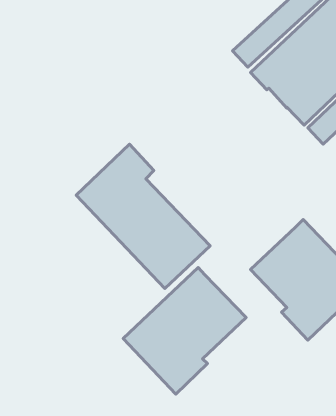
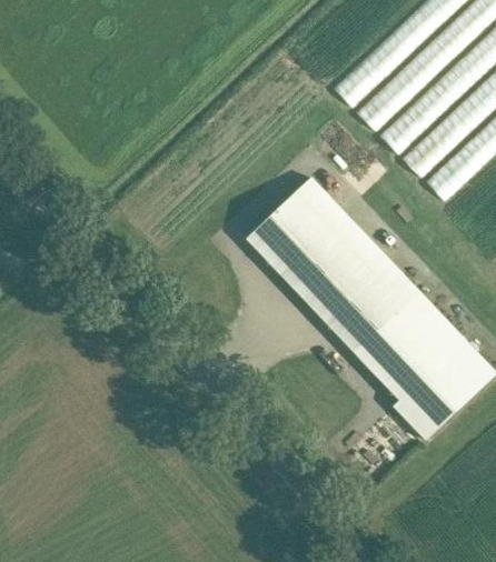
building: [76,144,210,288] -> [247,177,411,353]
building: [123,268,246,394] -> none

